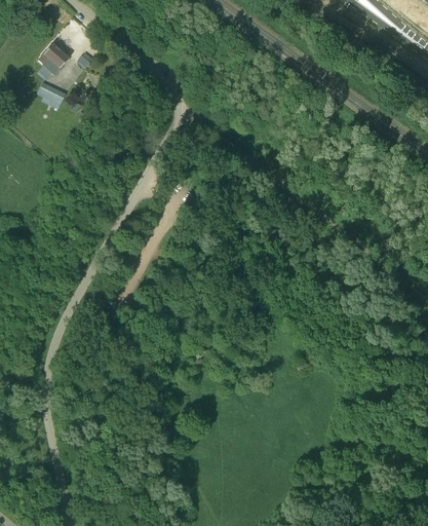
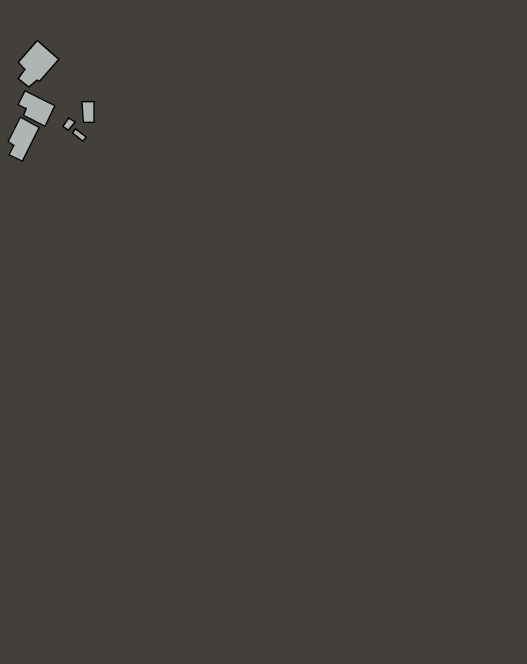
building: none -> [8,117,39,161]

